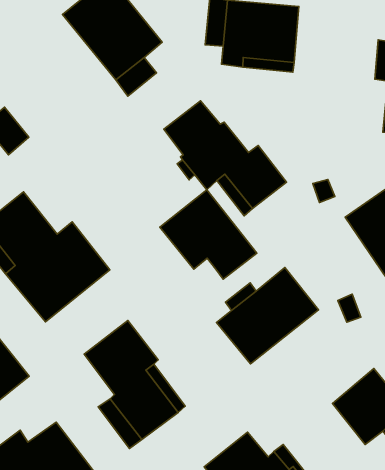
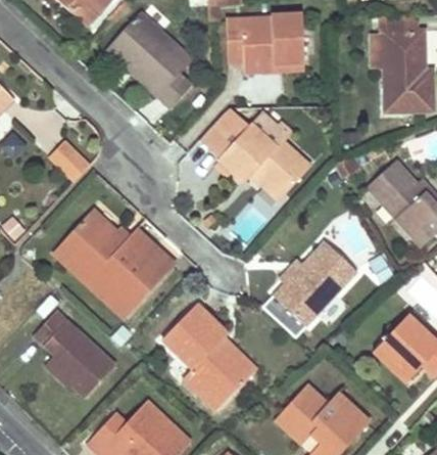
building: [160,190,257,279] -> none

